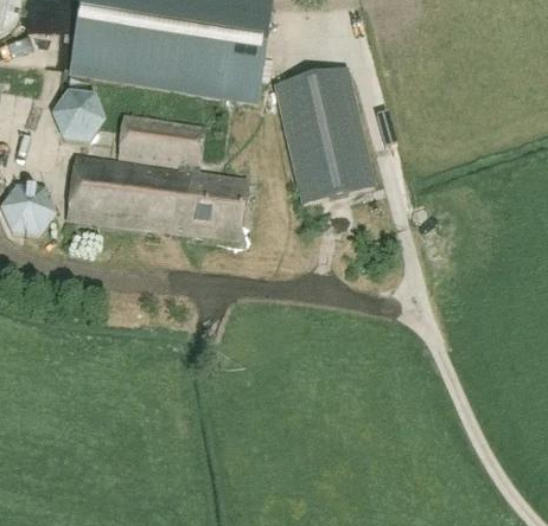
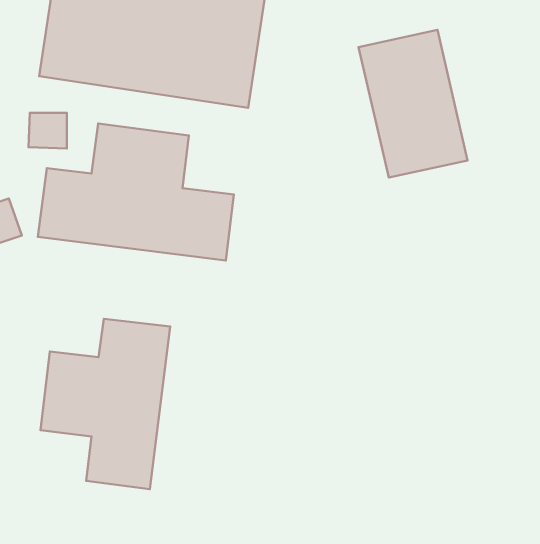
building: [275,70,374,203] -> [358,30,468,177]
building: none -> [40,319,170,489]

